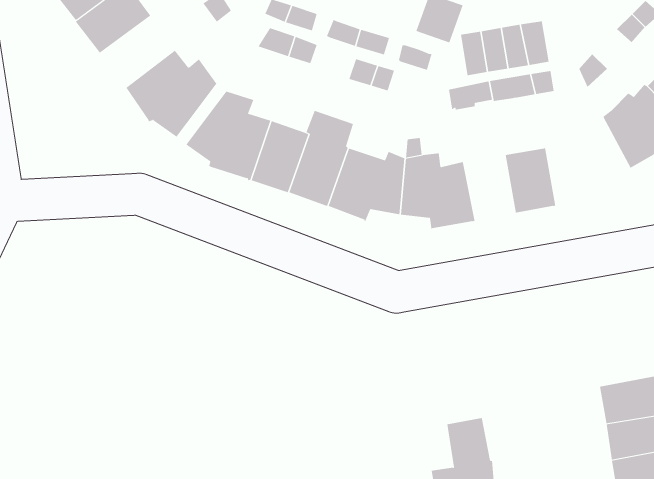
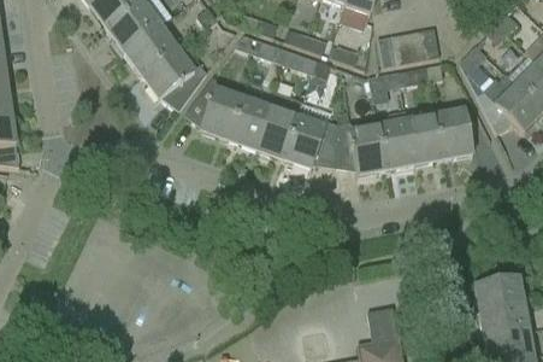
building: none -> [123,23,177,75]
building: none -> [379,109,415,168]
building: none -> [437,111,472,157]

